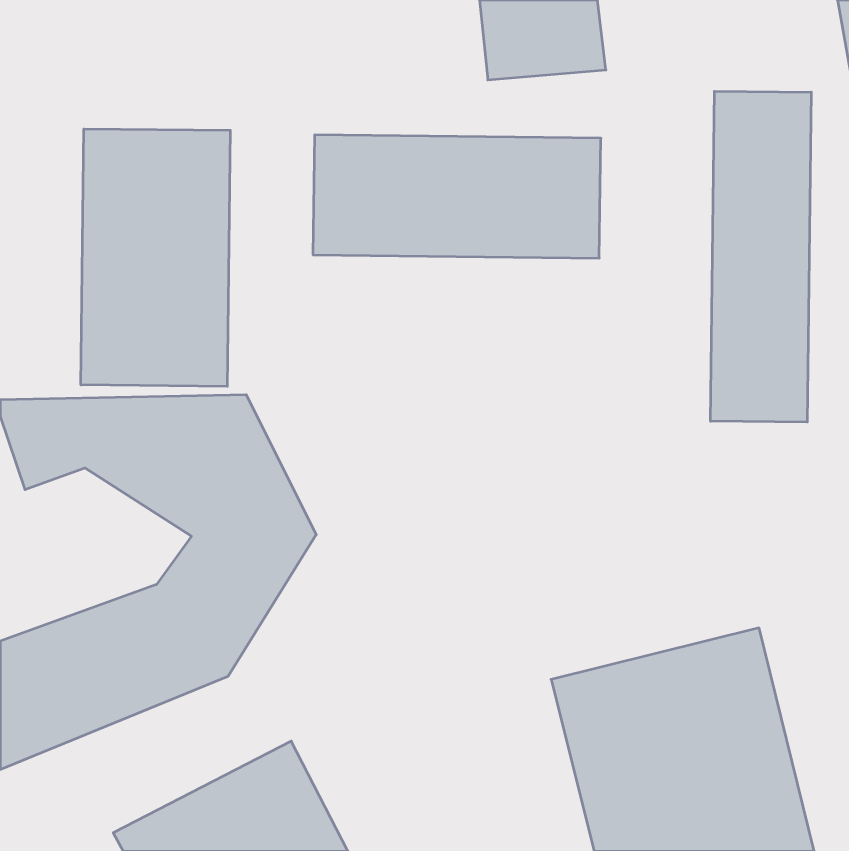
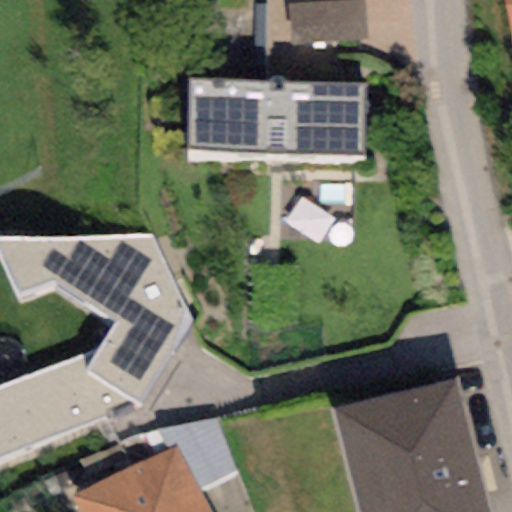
building: [711,91,811,422] -> none
building: [81,129,230,386] -> none

